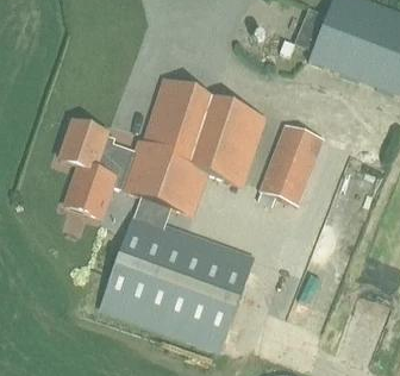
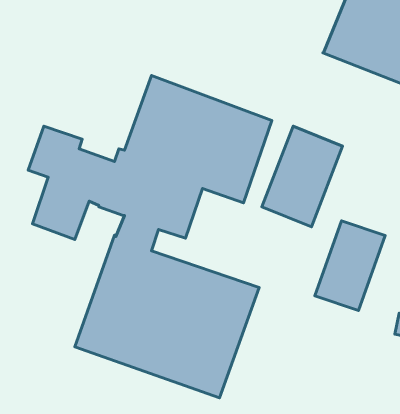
building: none -> [315,221,385,311]

